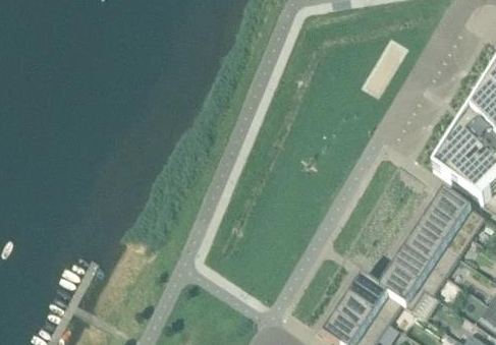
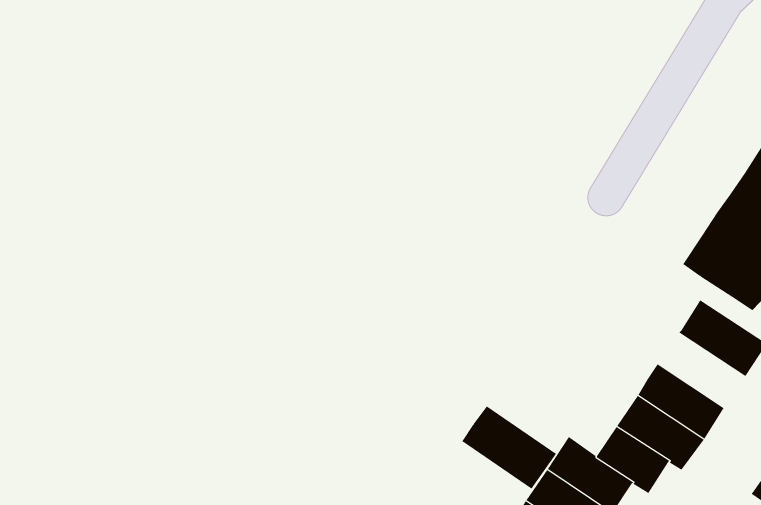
building: [417,211,472,257] -> none
building: none -> [461,406,557,490]

